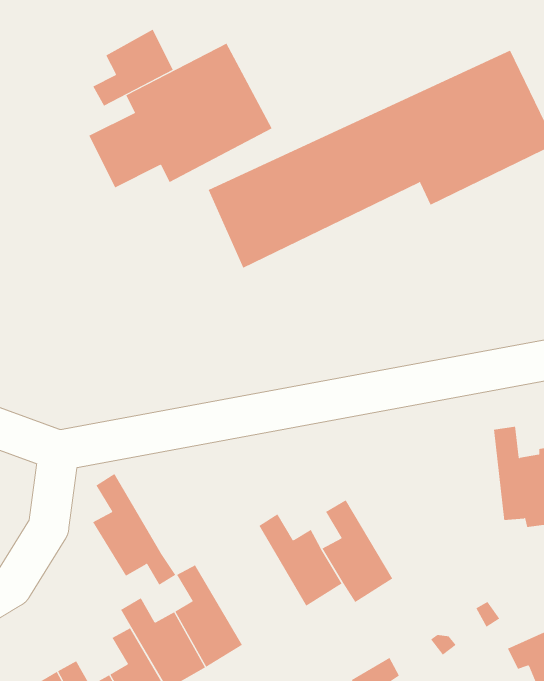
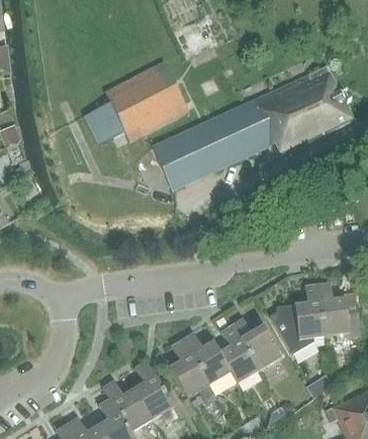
building: [92,29,173,107] -> none
building: none -> [271,284,324,354]
building: [92,473,176,585] -> [169,339,217,404]
building: none -> [233,318,282,369]

